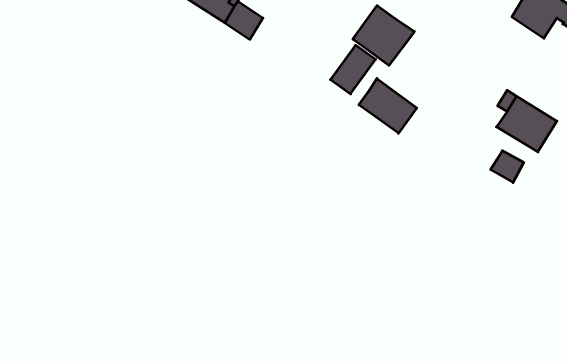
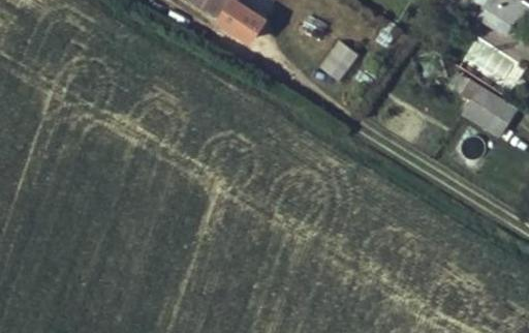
building: [353,6,414,65] -> none
building: [359,78,417,133] -> none

